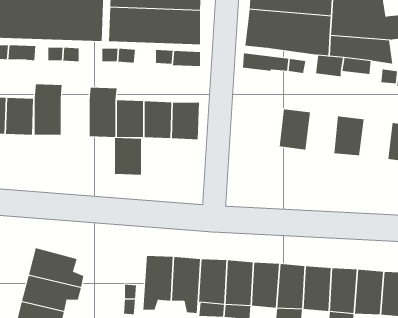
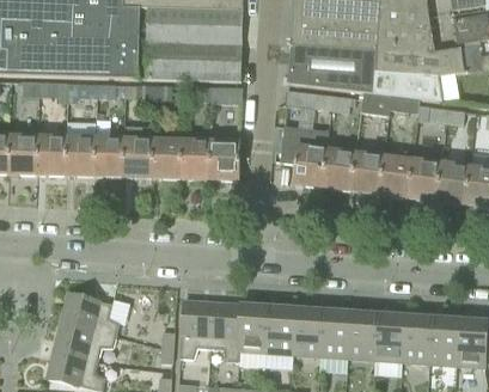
building: none -> [279,125,328,186]
building: none -> [350,151,383,194]
building: none -> [407,158,440,200]
building: [114,137,142,175] -> [94,136,123,176]

